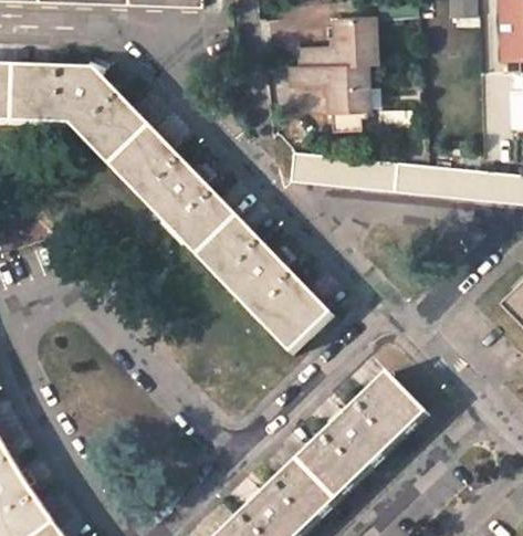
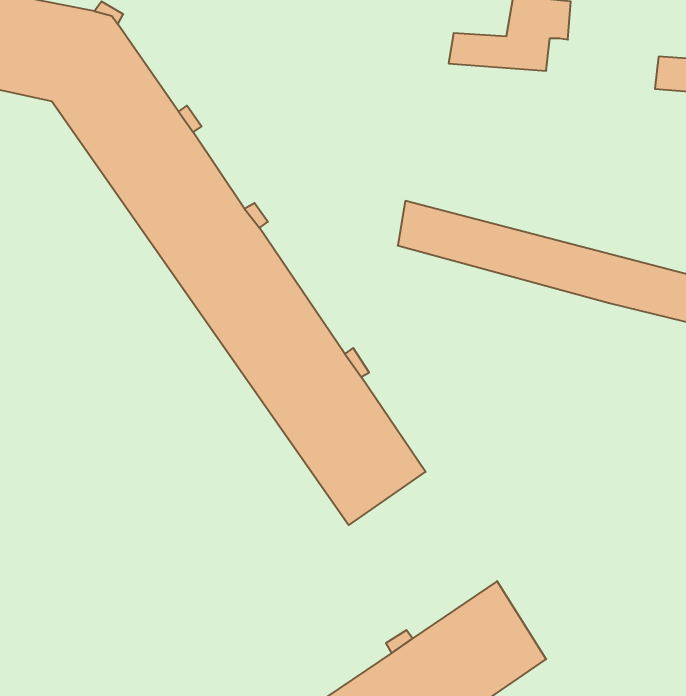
building: [297,61,367,109] -> none

